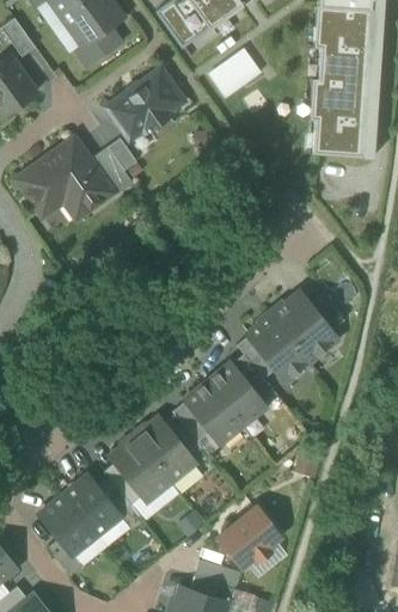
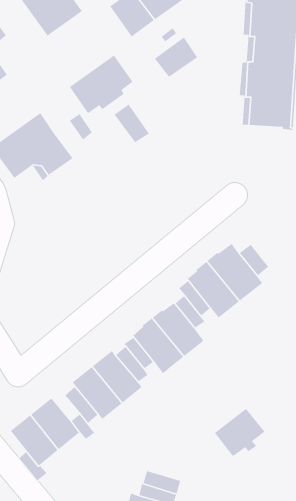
building: [75,27,121,67] -> none
building: [88,147,131,195] -> [114,103,150,144]
building: [218,508,278,567] -> [214,408,265,457]

